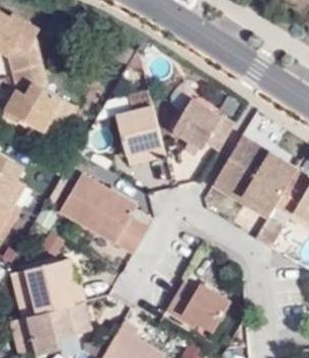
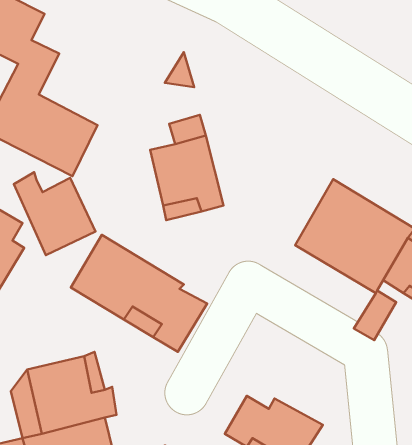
building: [172,100,234,152] -> none
building: none -> [14,172,96,255]

